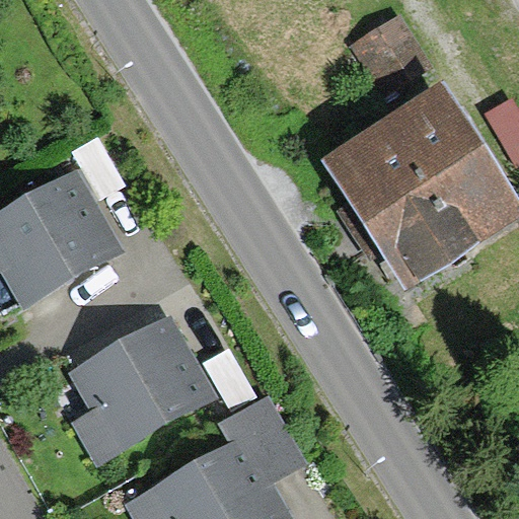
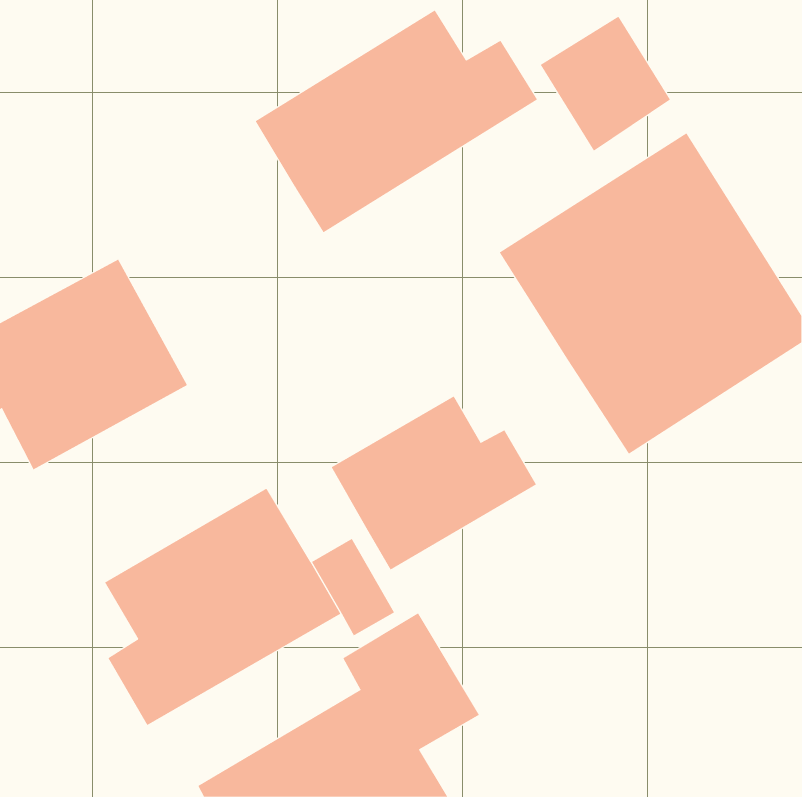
building: none -> [255,10,538,233]
building: none -> [331,395,537,571]

